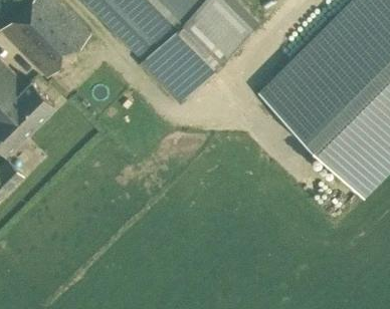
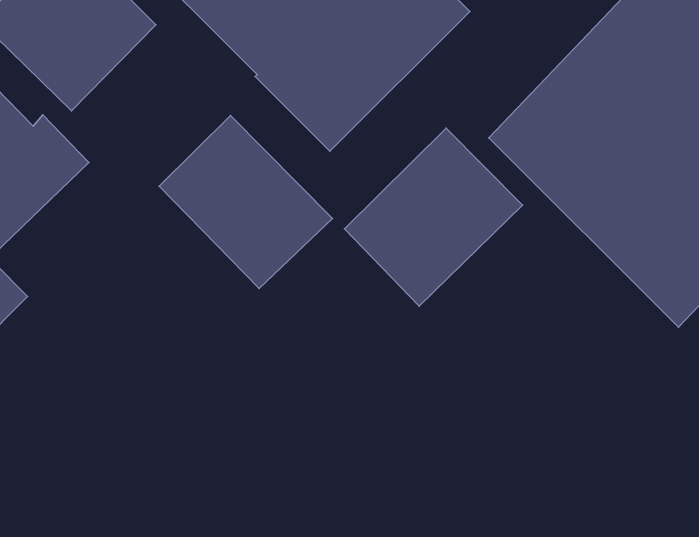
building: none -> [159,116,332,289]
building: none -> [345,128,523,306]

